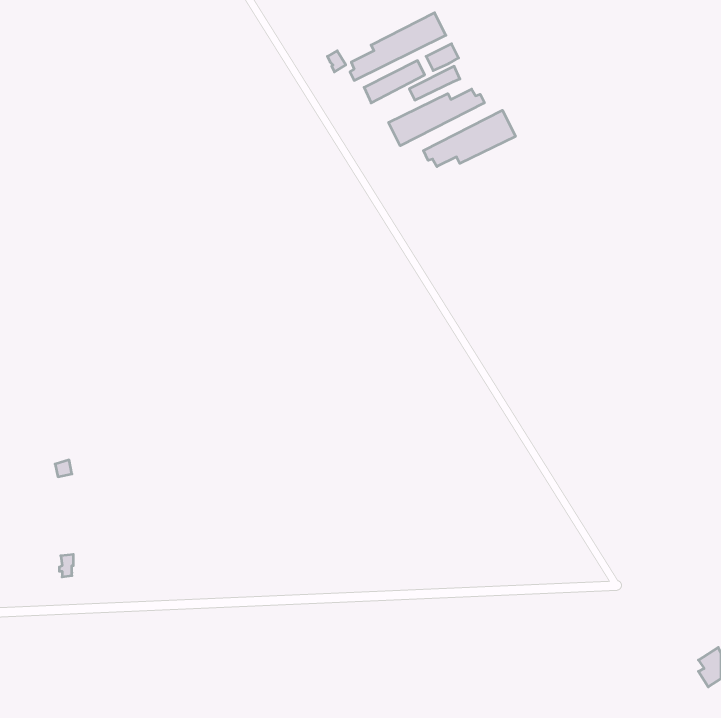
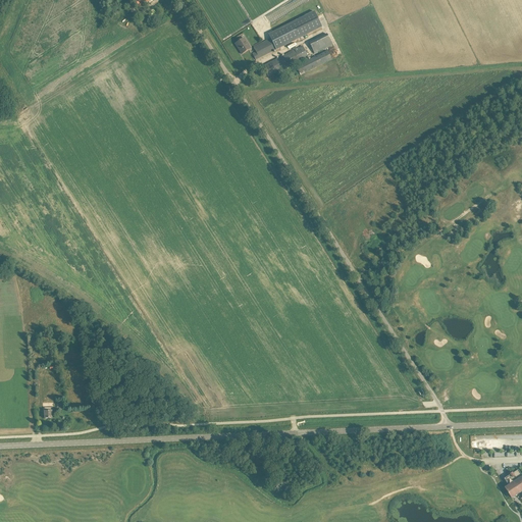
building: [389,89,484,146] -> none
building: [423,110,515,167] -> none

